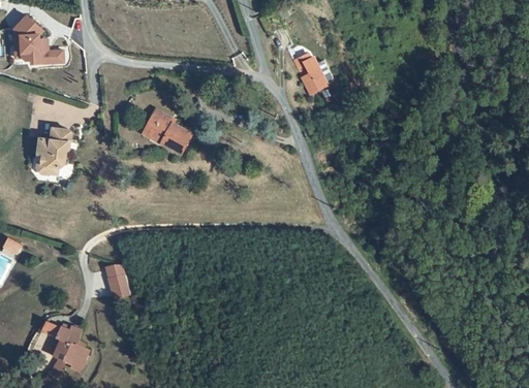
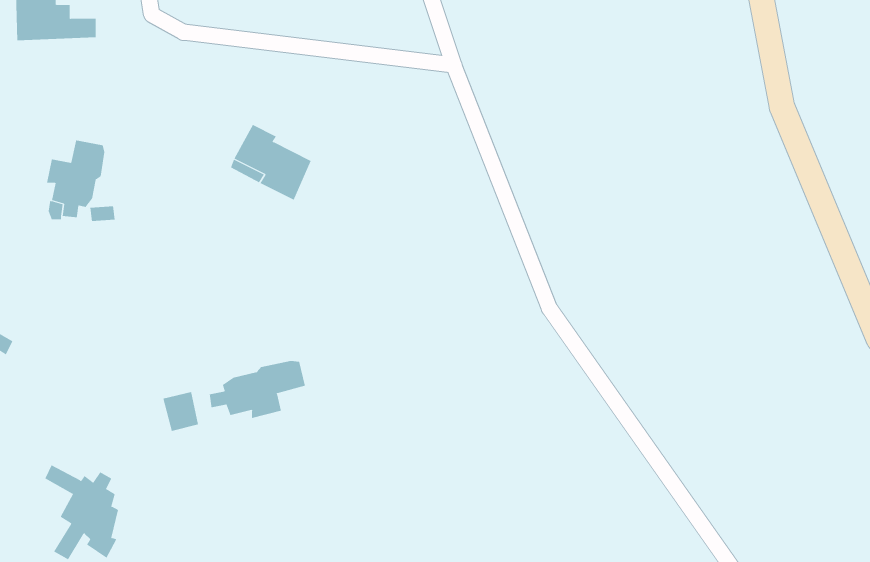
building: [303,56,331,91] -> none
building: none -> [209,360,305,419]

